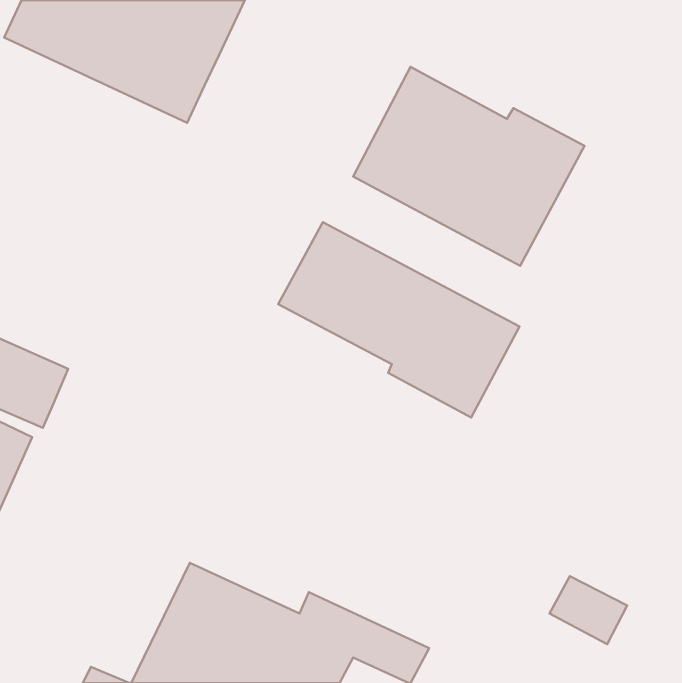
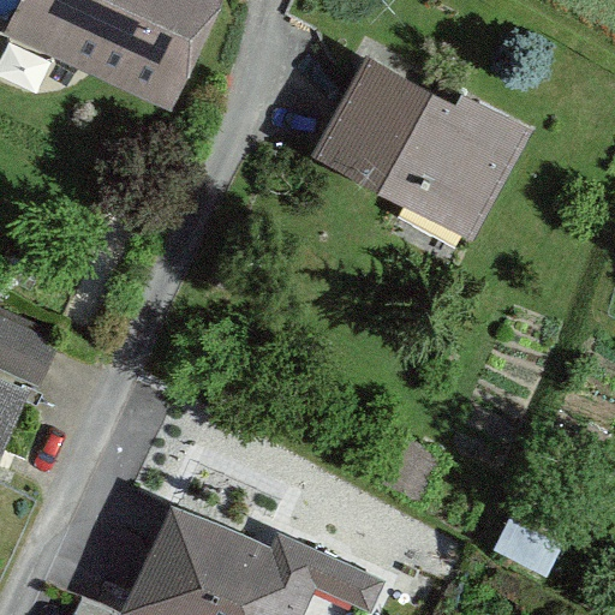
building: [278,222,520,417] -> none

